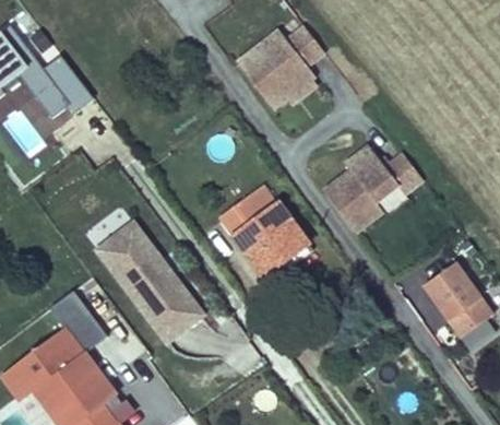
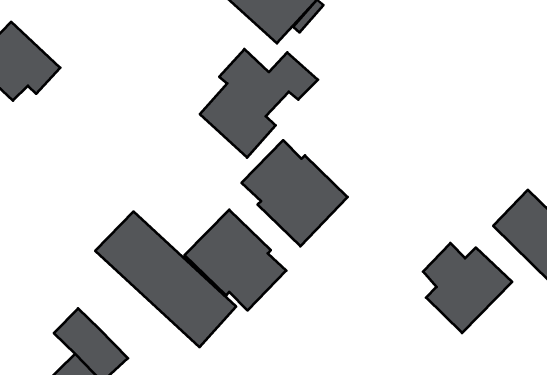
building: [324,144,424,232] -> [200,49,318,158]
building: none -> [185,210,286,310]
building: none -> [423,243,512,333]

